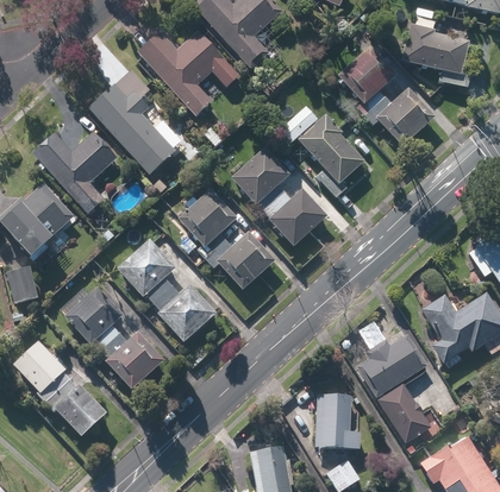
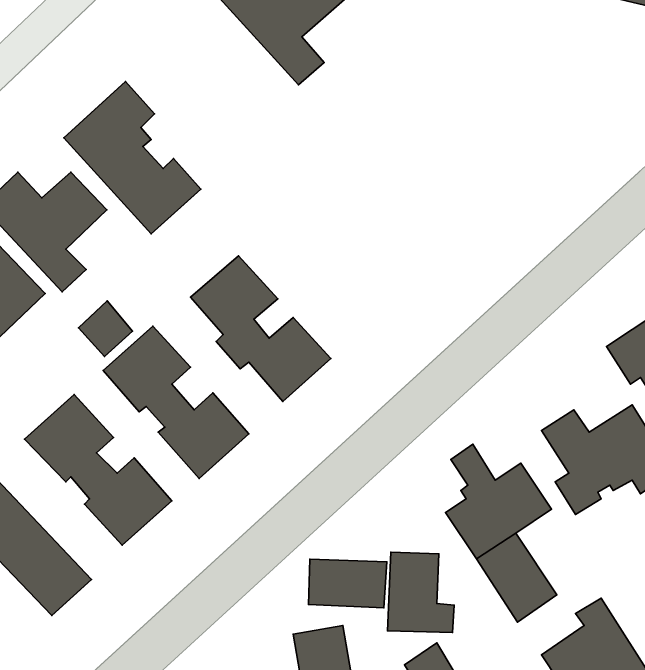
building: [400,26,470,89] -> none
building: [139,32,239,116] -> none
building: [336,45,436,149] -> none
building: [277,106,363,197] -> none
building: [229,146,327,247] -> none
building: none -> [79,301,132,357]
building: none -> [308,559,387,608]

